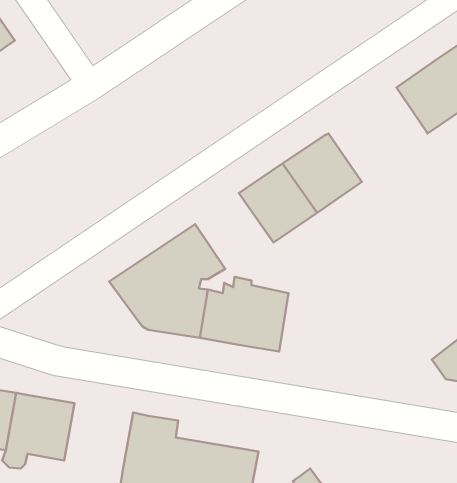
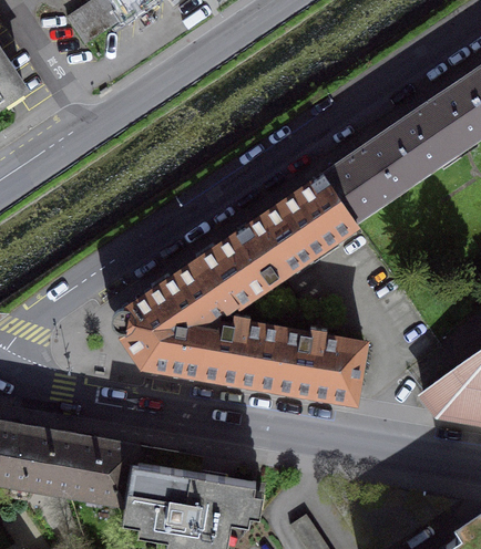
building: none -> [324,134,418,220]
building: none -> [195,236,270,313]
building: none -> [276,330,364,402]
building: none -> [69,438,135,503]

